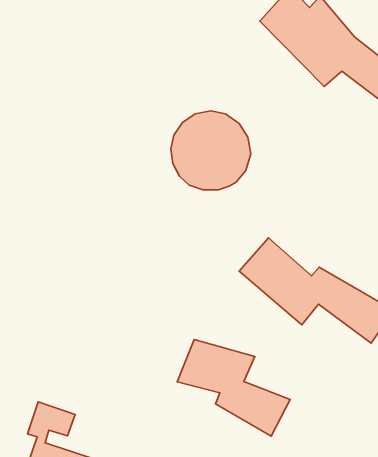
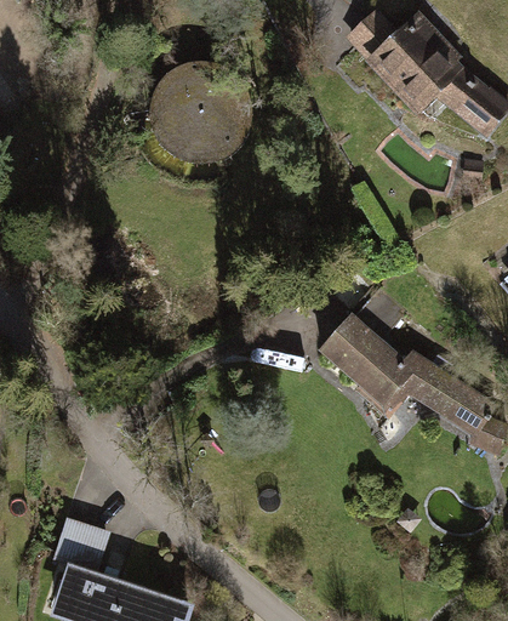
building: [171,111,251,190] -> [153,62,252,160]
building: [177,340,290,436] -> none

